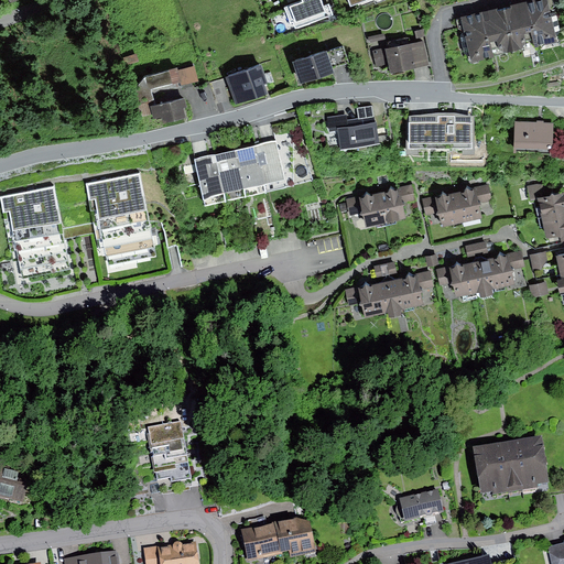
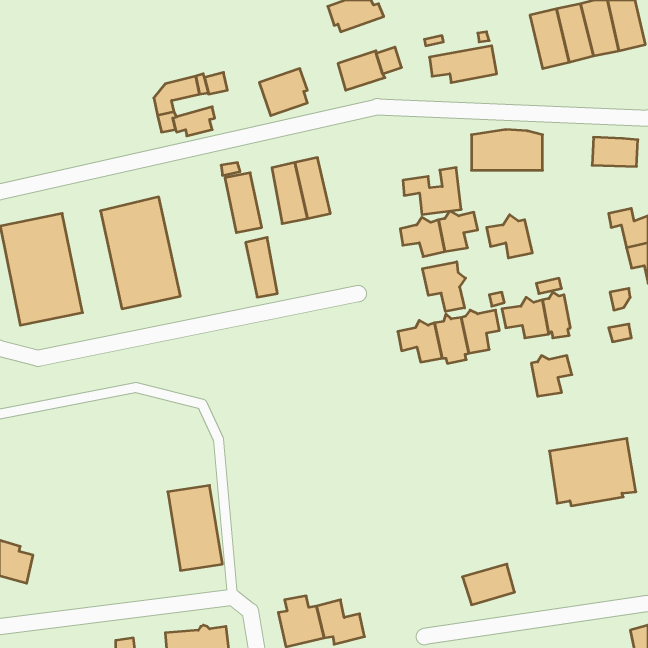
building: [325,106,376,147] -> [403,168,461,215]
building: [217,147,245,198] -> [246,237,277,297]
building: [455,184,490,220] -> none
building: none -> [422,262,466,311]
building: [489,250,524,285] -> [531,356,572,396]
building: [474,440,549,498] -> [549,438,636,506]

